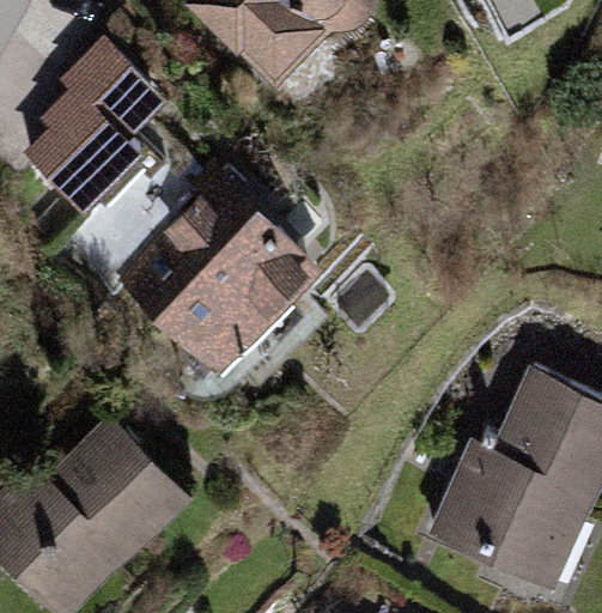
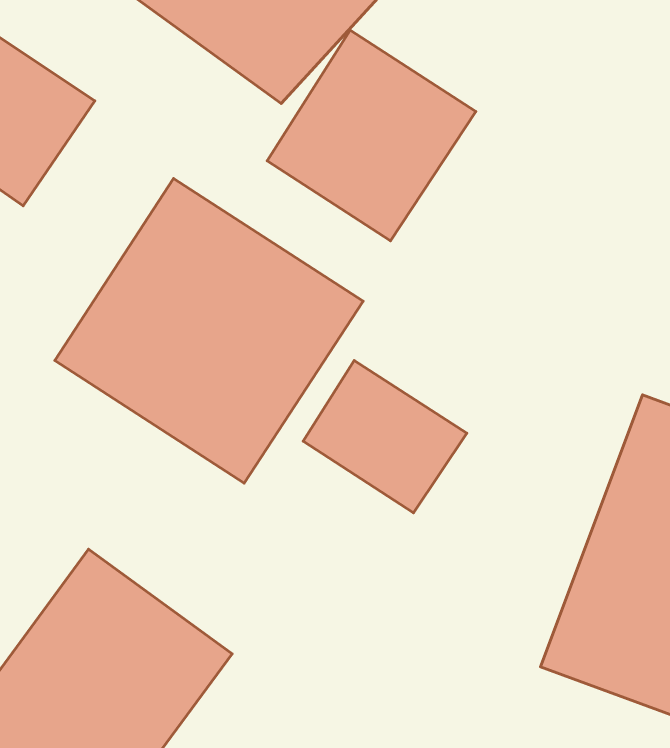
building: none -> [267,30,476,241]
building: none -> [303,360,467,513]

